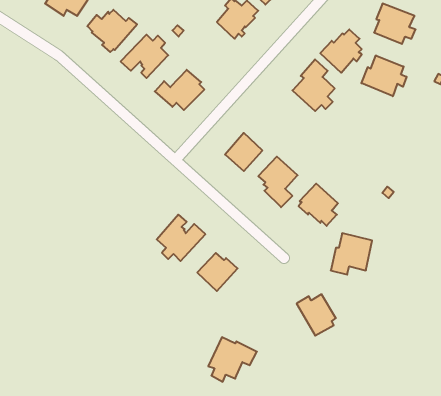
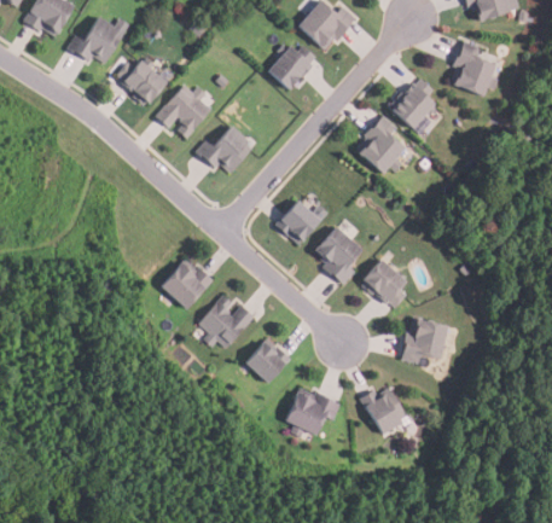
building: [361,55,407,96] -> none
building: none -> [159,260,213,310]
building: [208,337,257,382] -> [284,388,341,440]

